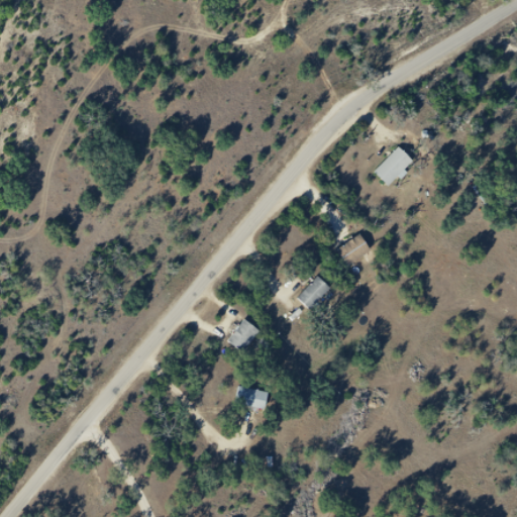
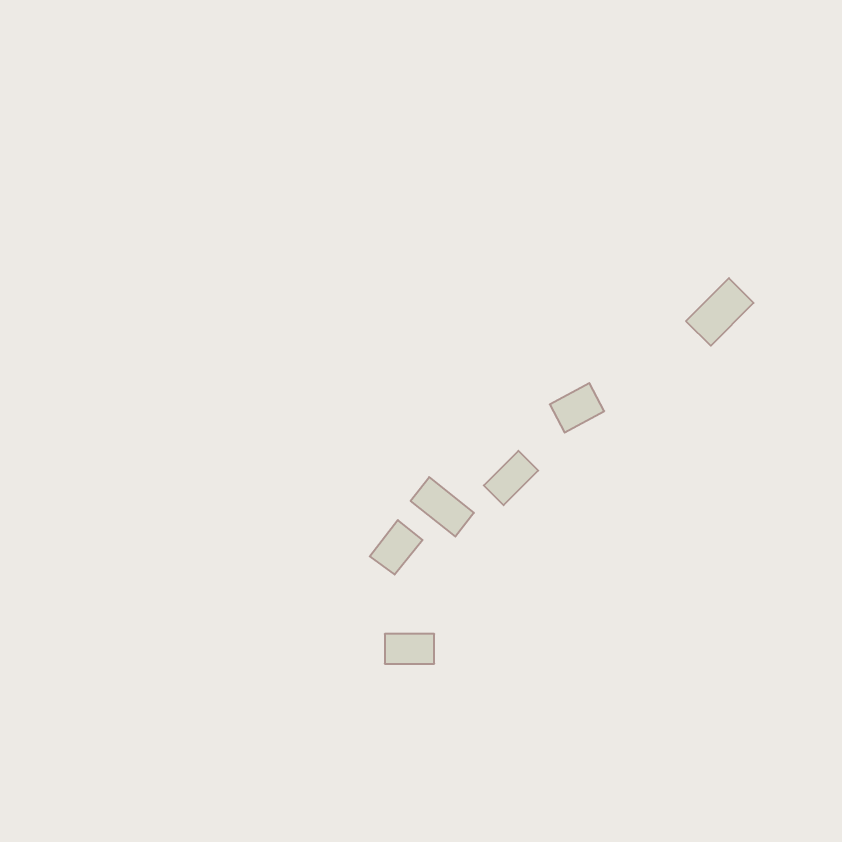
building: [377,145,418,187] -> [686,278,754,346]
building: none -> [411,477,474,537]

